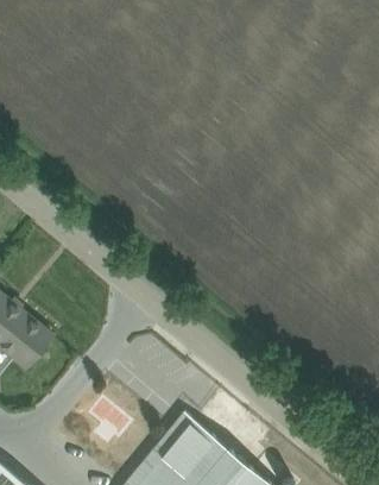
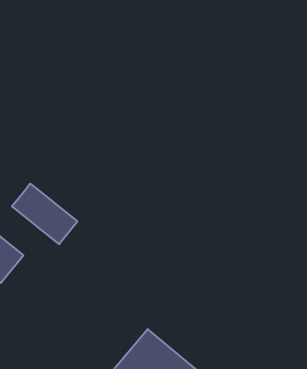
building: none -> [12,184,77,244]

